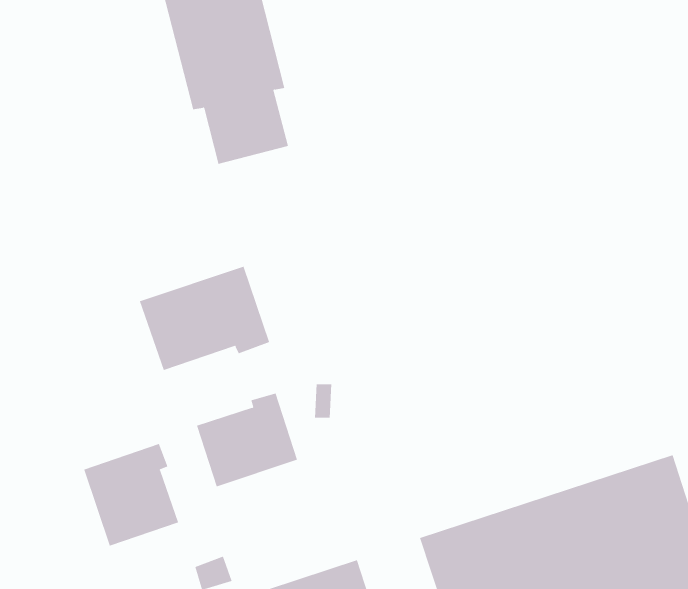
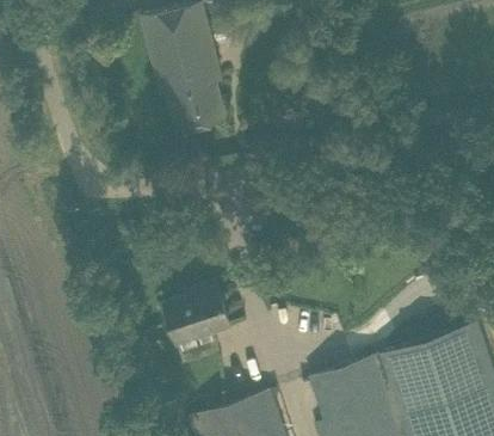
building: [139,266,270,371] -> none
building: [84,443,179,547] -> none

